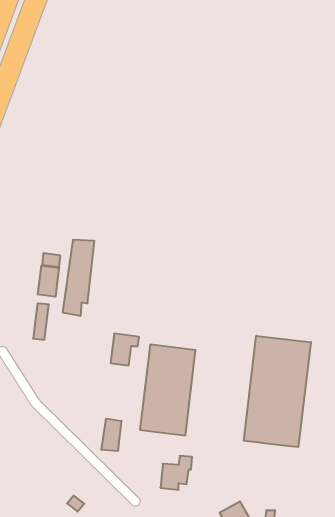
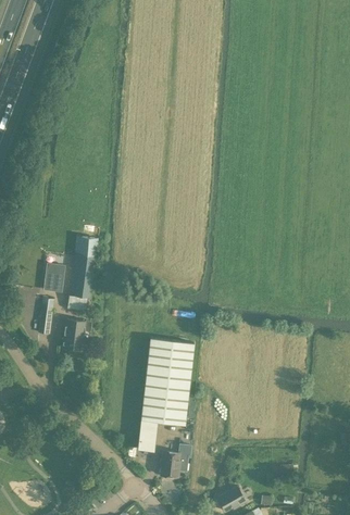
building: [111,334,139,365] -> [64,319,91,350]
building: [244,336,311,447] -> none
building: [101,419,122,451] -> [137,419,157,450]

